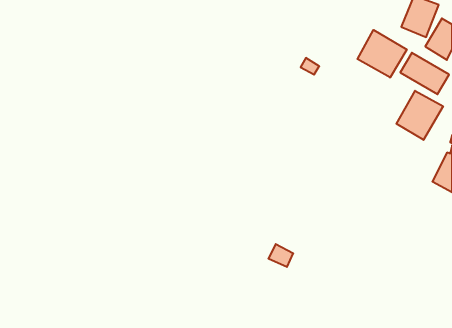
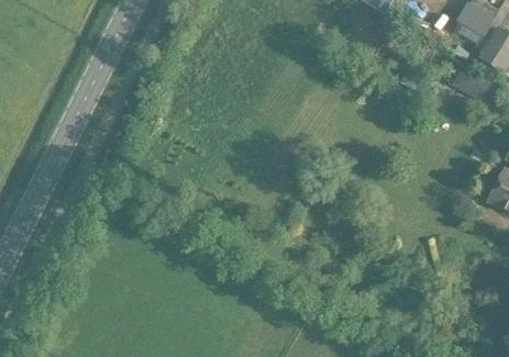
building: [357,30,407,78] -> none
building: [396,91,443,140] -> none

